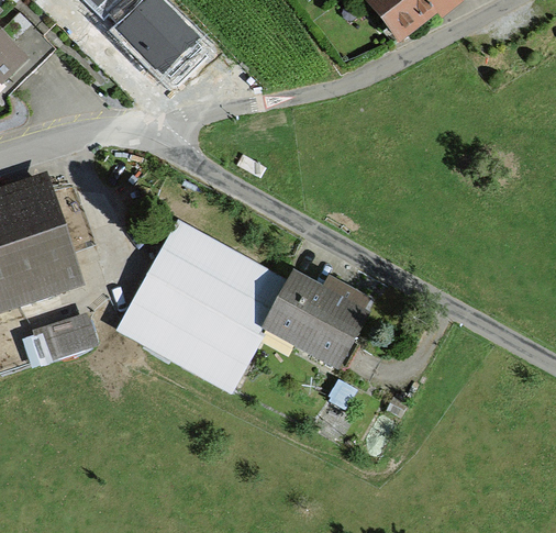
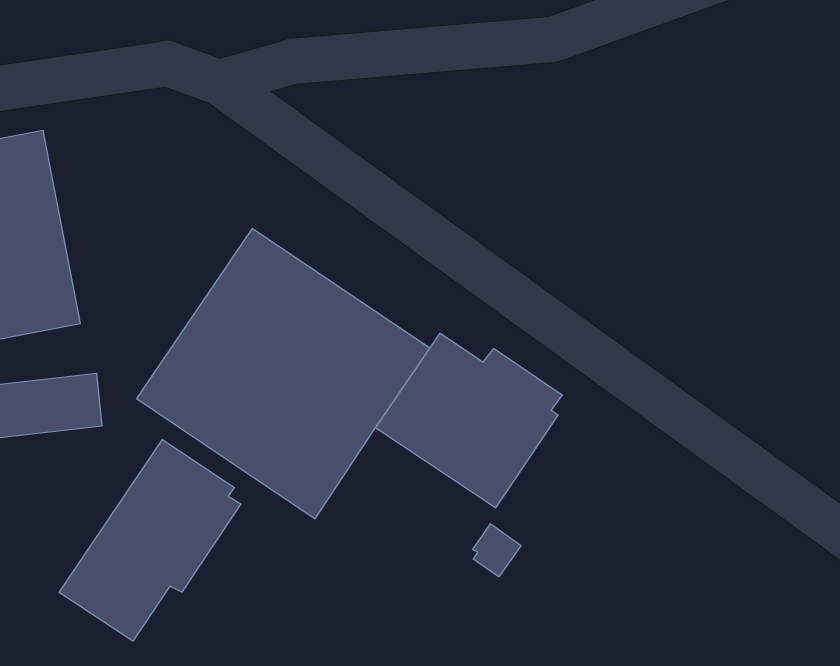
building: none -> [59,439,241,641]

